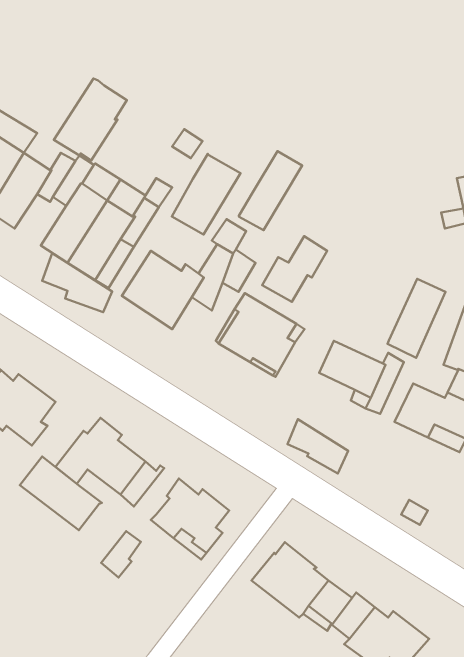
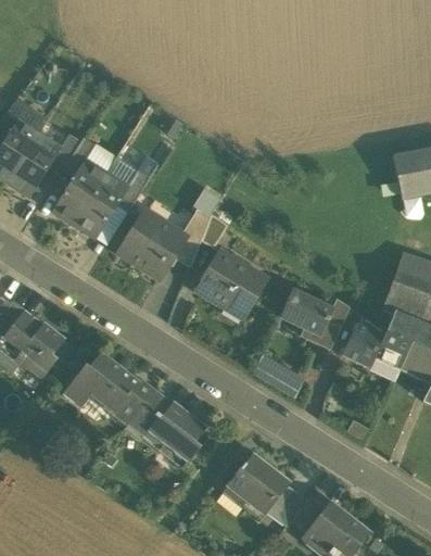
building: [54,79,127,161] -> none
building: [239,151,302,230] -> none
building: [172,154,240,235] -> none
building: [262,236,327,302] -> none
building: [42,253,112,312] -> none
building: [387,279,446,358] -> none
building: [20,457,102,530] -> none
building: [101,531,141,578] -> [132,392,165,430]

